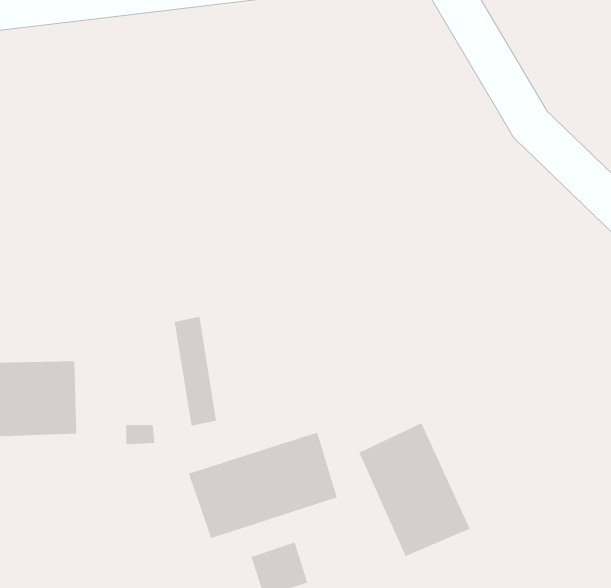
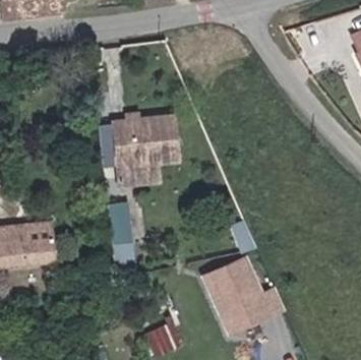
building: none -> [115,115,177,184]
building: [188,432,337,539] -> none

